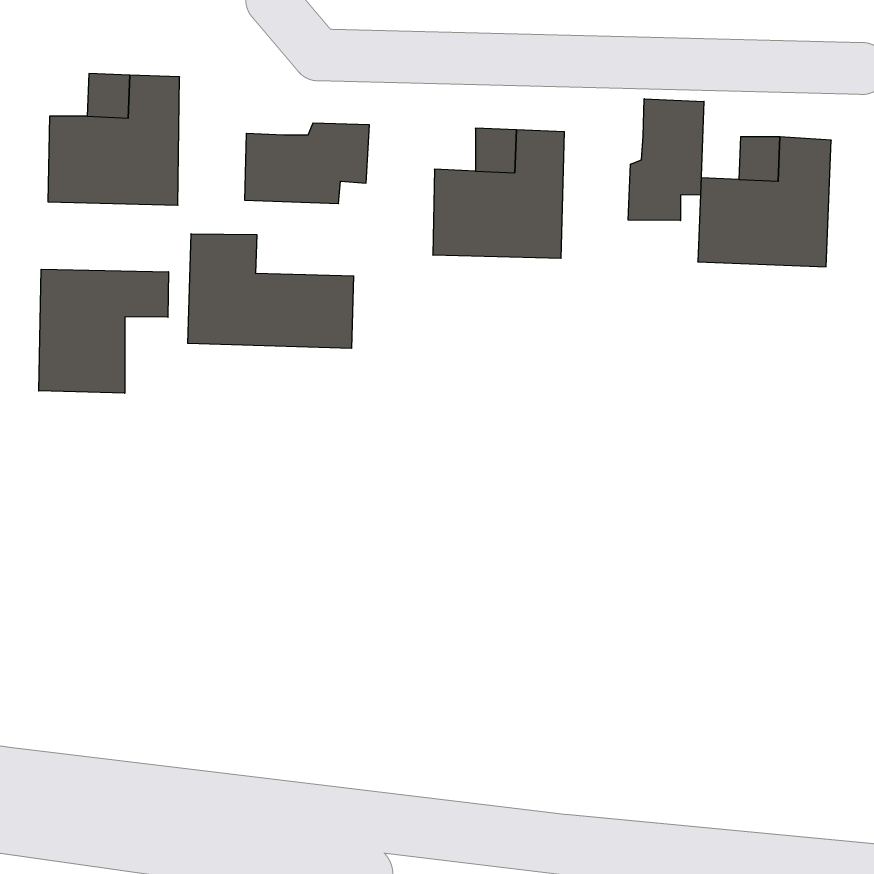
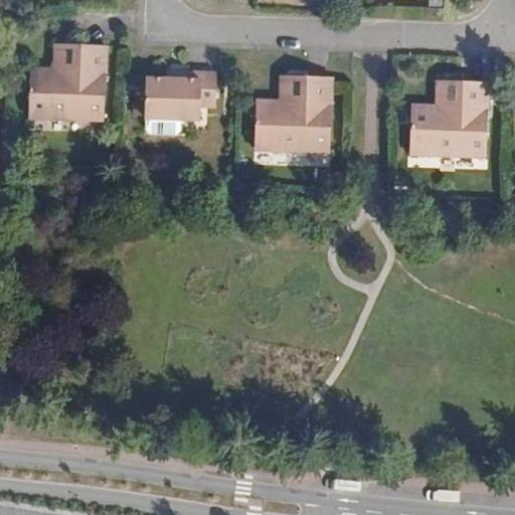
building: [628,99,704,221] -> none
building: [188,234,354,348] -> none
building: [39,269,168,393] -> none

